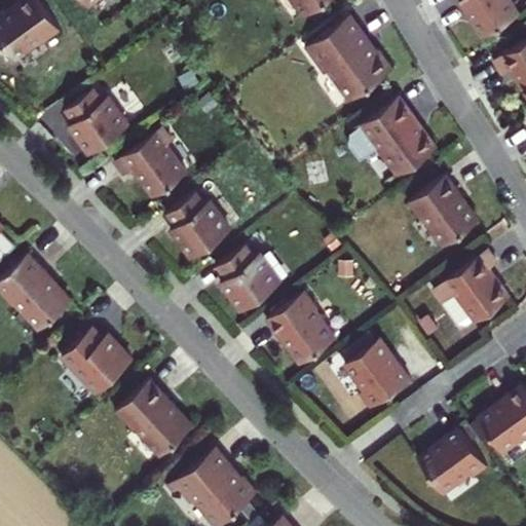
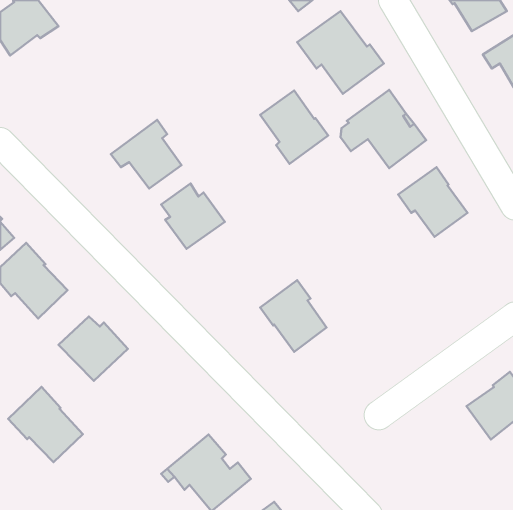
building: [65,88,127,153] -> none
building: none -> [260,90,328,164]
building: [217,246,280,311] -> none
building: [434,251,510,327] -> none
building: [345,339,411,409] -> none
building: [116,379,192,456] -> [8,387,83,462]
building: [419,427,489,493] -> none

